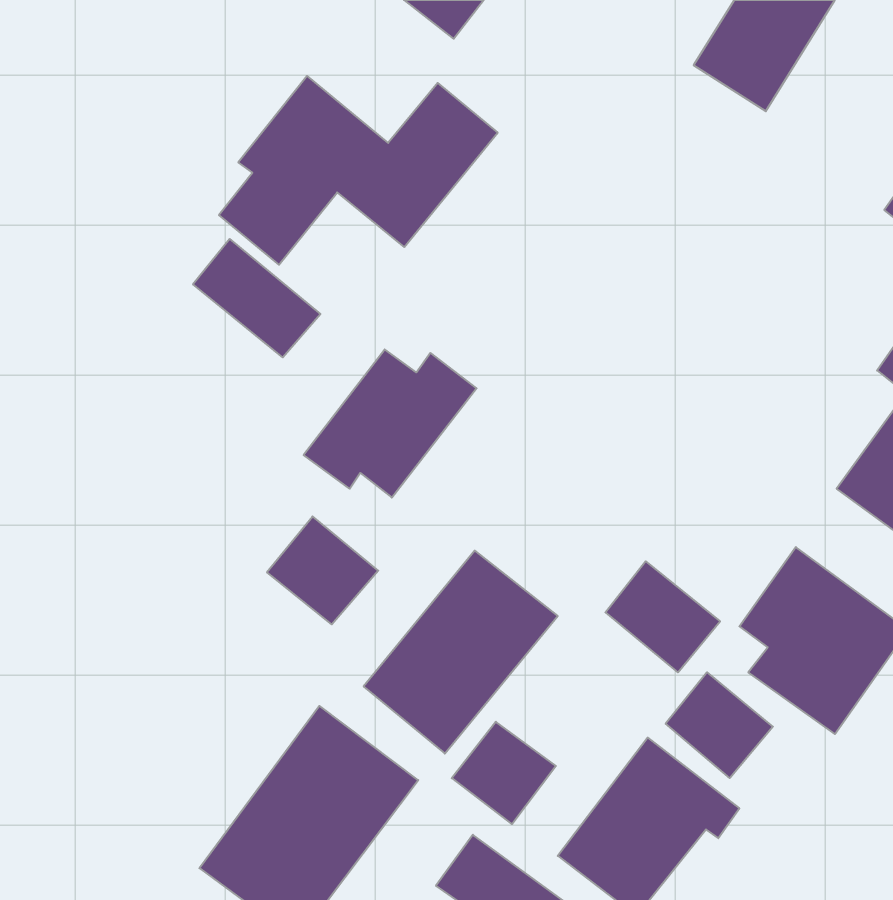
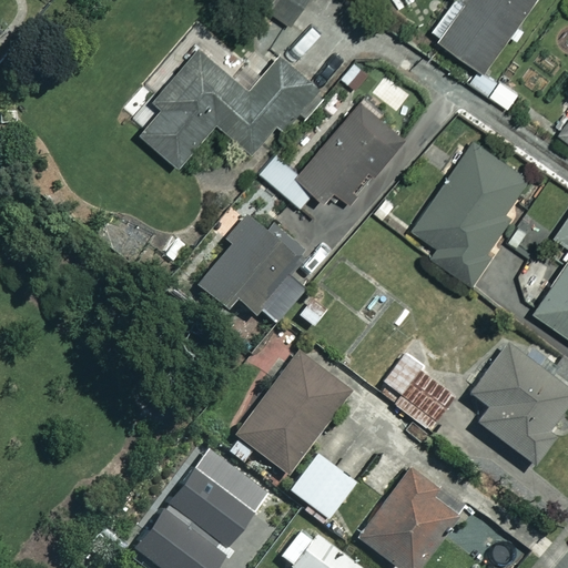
building: none -> [262,102,400,212]
building: none -> [415,142,531,287]
building: [193,239,320,357] -> none
building: [267,516,378,624] -> none
building: [666,672,773,778] -> none

